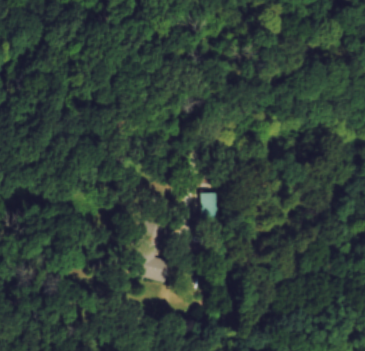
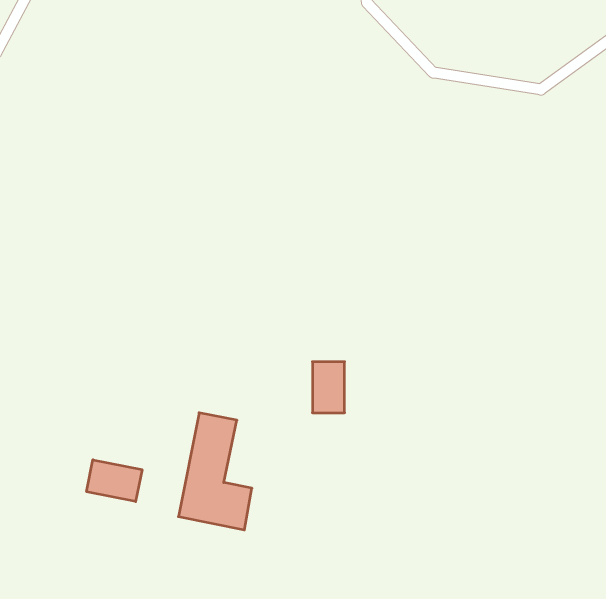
building: none -> [87,460,142,502]

